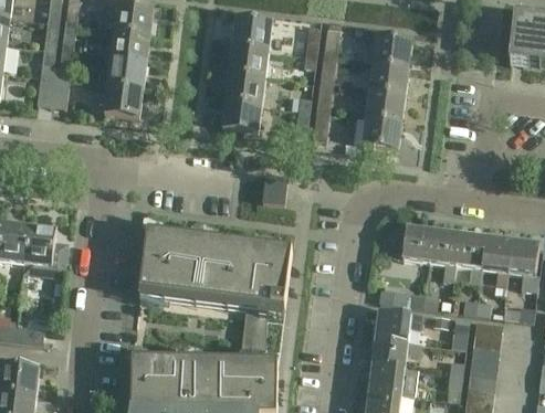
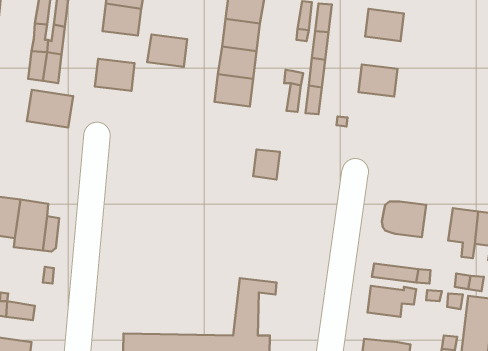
building: [106,56,146,88] -> [147,35,187,67]
building: [369,62,408,94] -> none
building: none -> [27,90,73,127]
building: [363,117,401,149] -> none
building: [139,230,292,307] -> none
building: [429,230,460,279] -> none
building: [371,337,421,367] -> none

